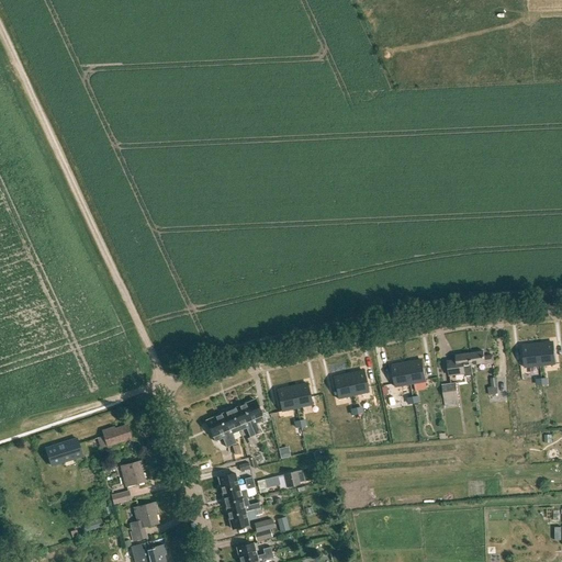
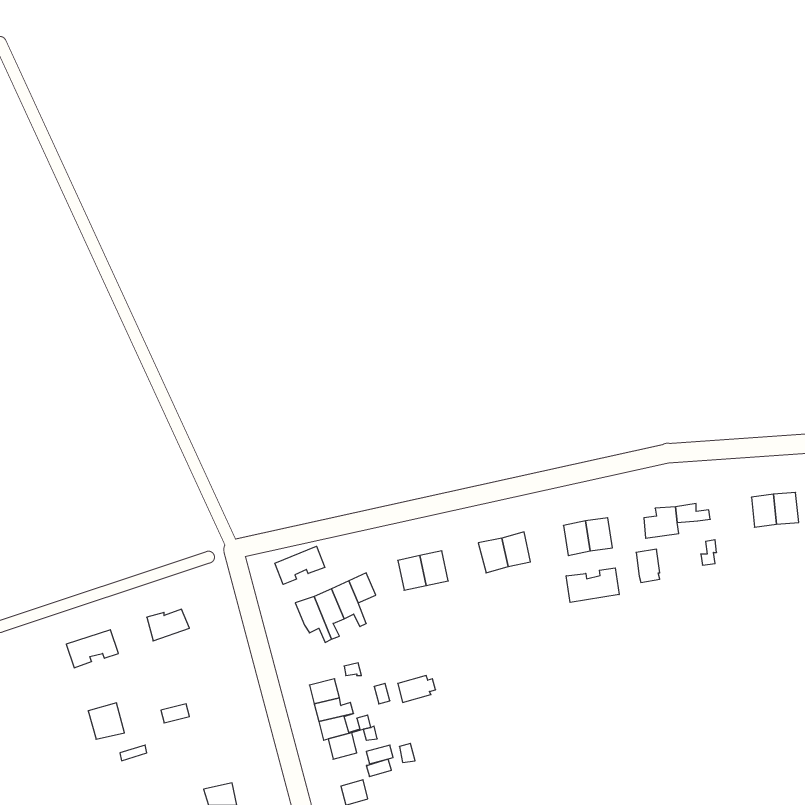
building: none -> [275,546,325,584]
building: none -> [566,568,619,602]
building: [121,460,146,485] -> [88,703,124,739]
building: [132,502,159,540] -> none

